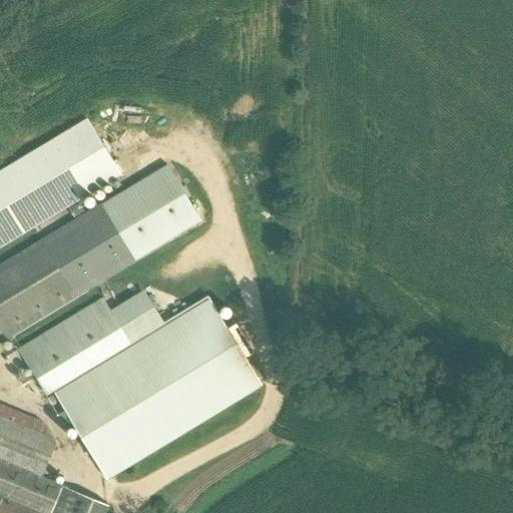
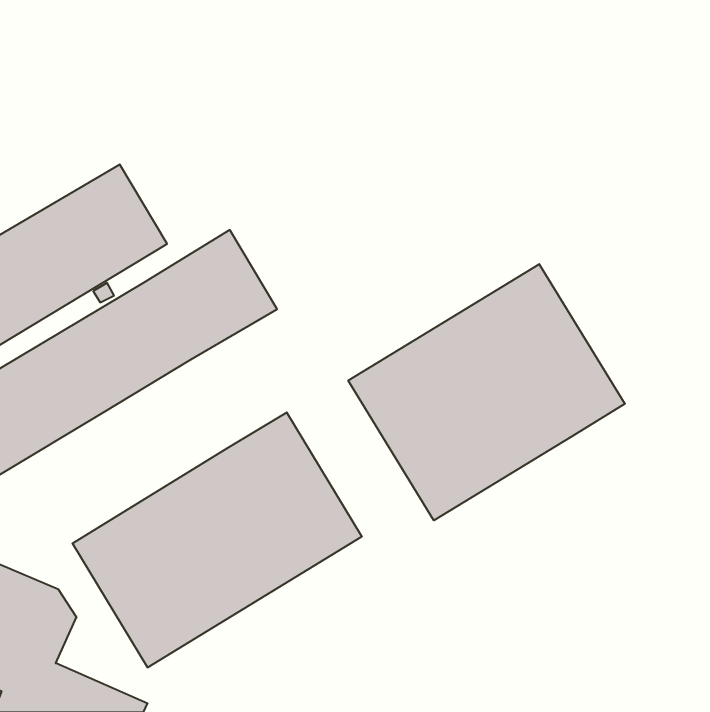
building: none -> [348,264,625,520]
building: [18,290,163,395] -> none

